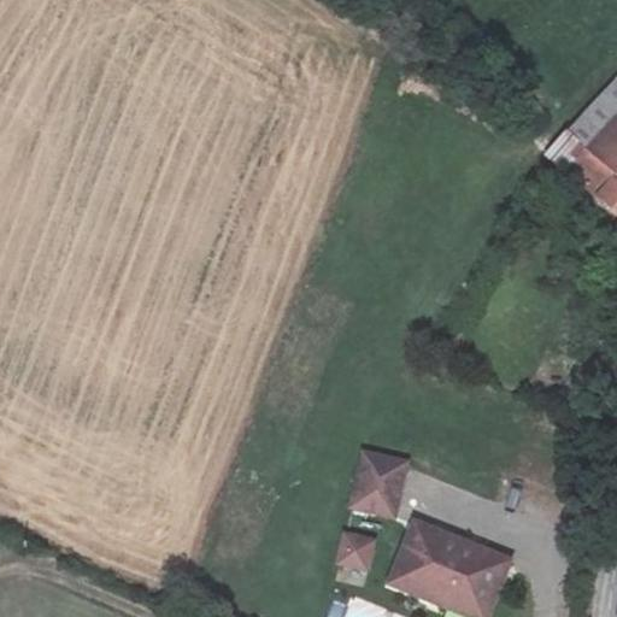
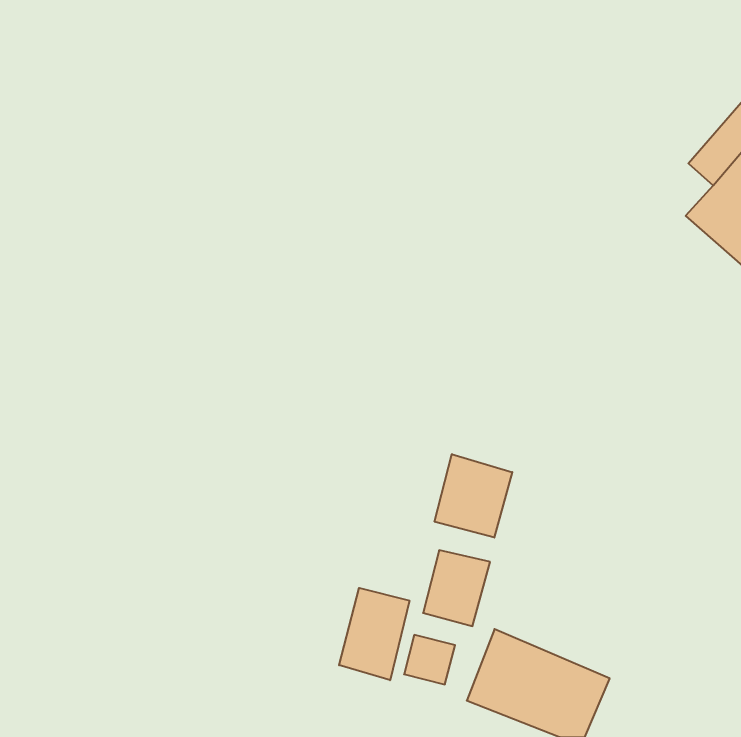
building: none -> [435,454,512,538]
building: none -> [339,588,409,680]

